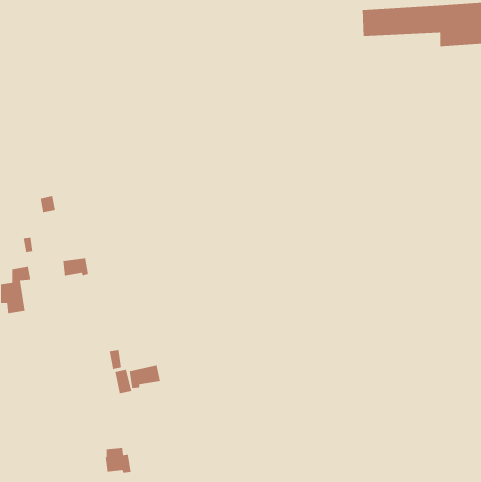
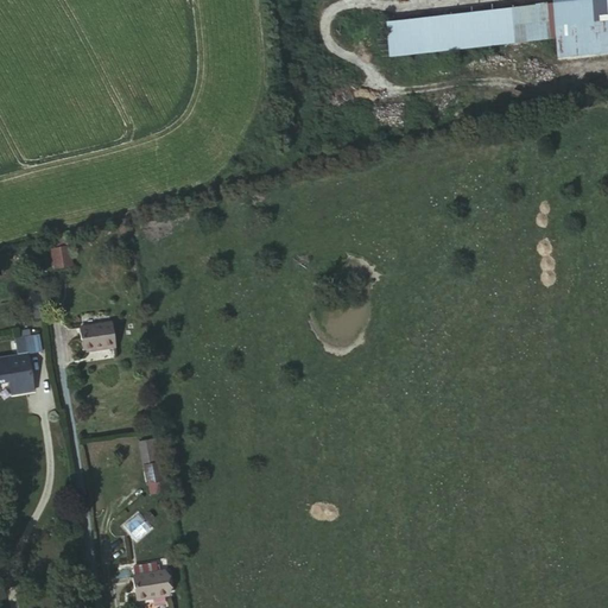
building: none -> [367,12,458,51]
building: [129,365,161,389] -> none

